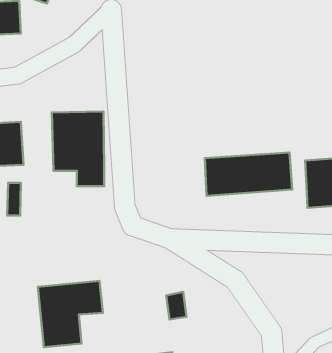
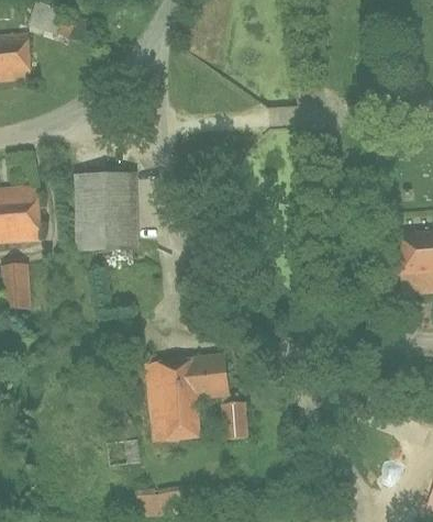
building: [205,153,292,196] -> none
building: [38,281,103,347] -> [142,356,225,441]

